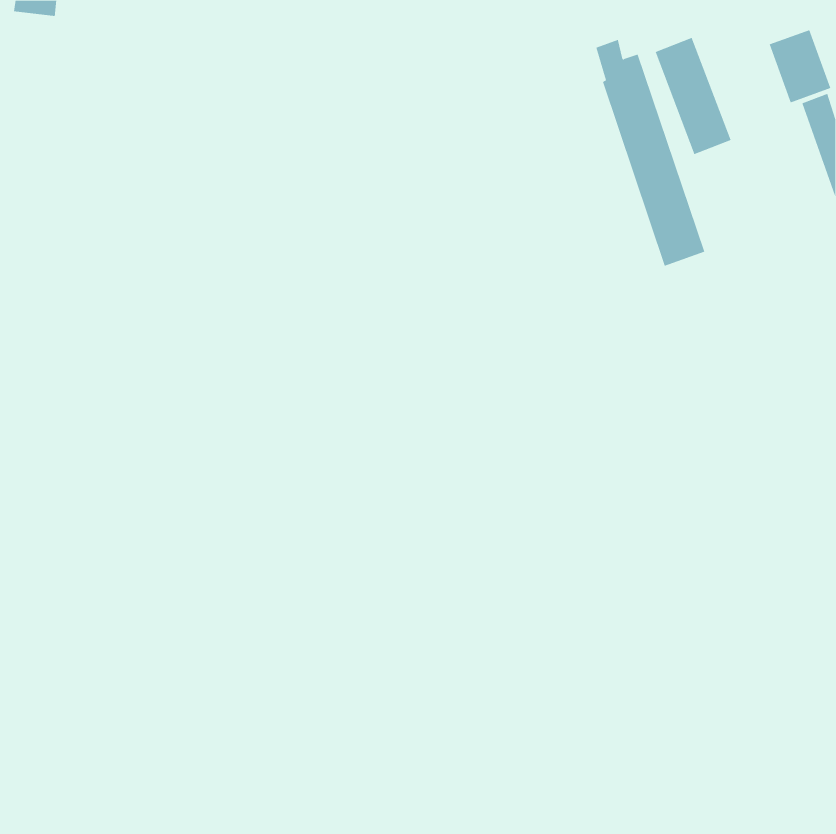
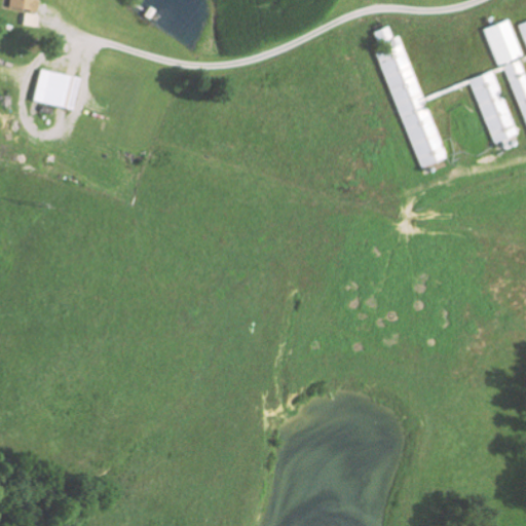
building: [655,37,732,155] -> [468,70,517,144]
building: none -> [33,69,78,110]

